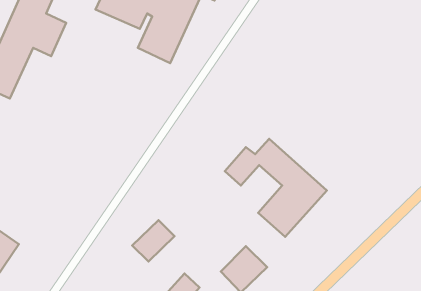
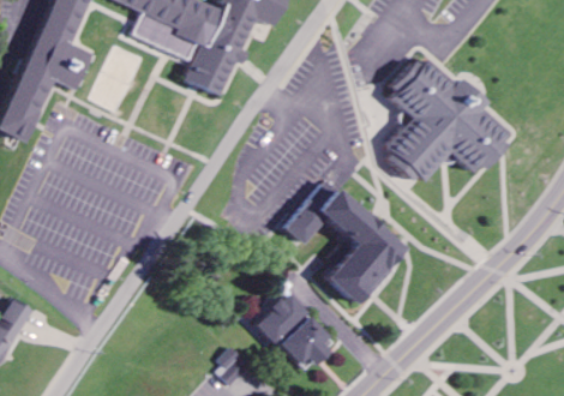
building: none -> [382,53,510,186]
building: [132,220,175,262] -> [254,295,305,344]

